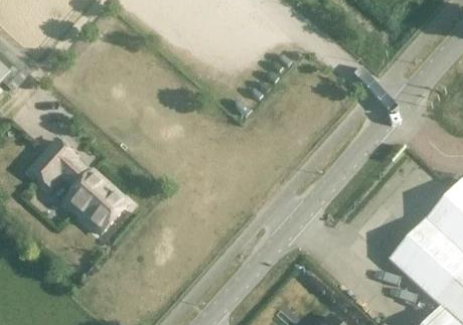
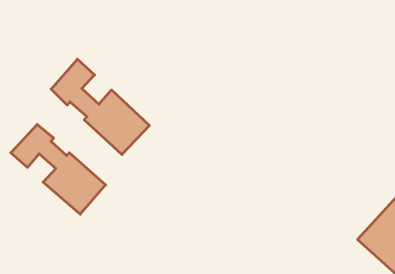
building: none -> [51,59,149,155]

